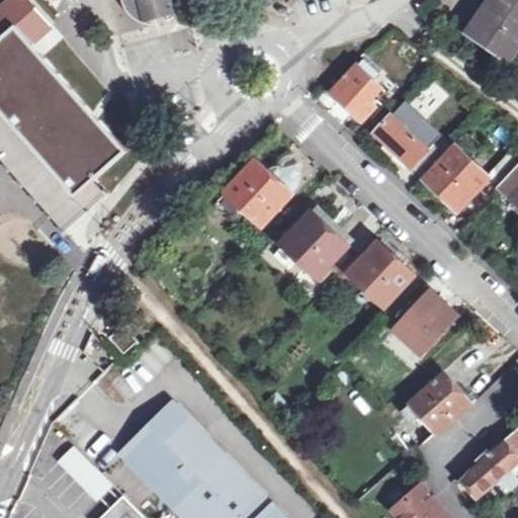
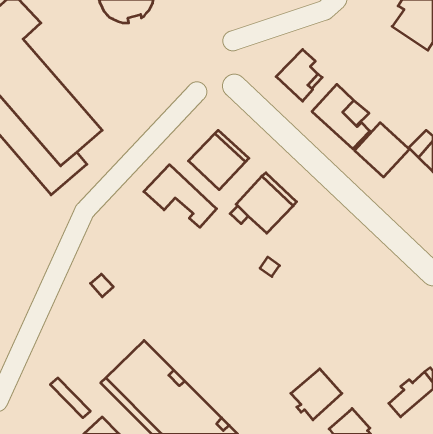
building: none -> [144,165,217,227]
building: [349,242,414,306] -> none
building: [394,290,456,353] -> none
building: [409,373,469,434] -> [291,369,342,420]

